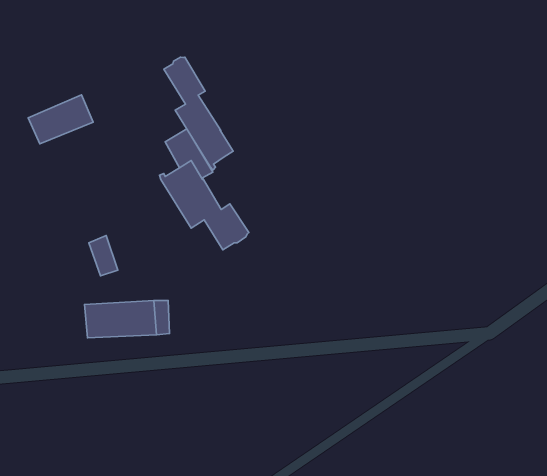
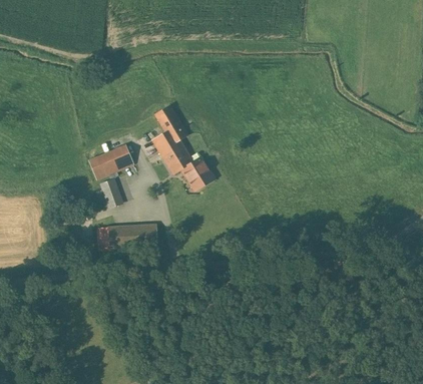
building: [164,57,233,170] -> none
building: [28,95,93,144] -> [87,145,132,179]

